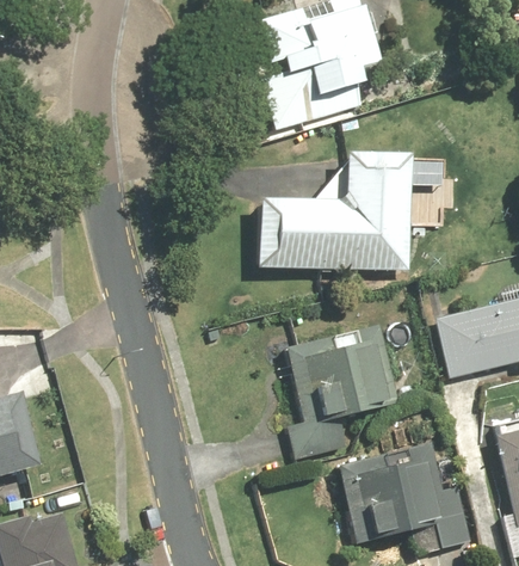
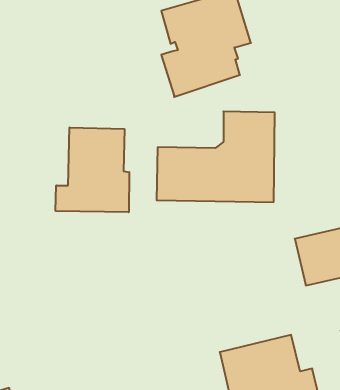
building: none -> [56,127,129,212]
building: [285,322,397,460] -> none

